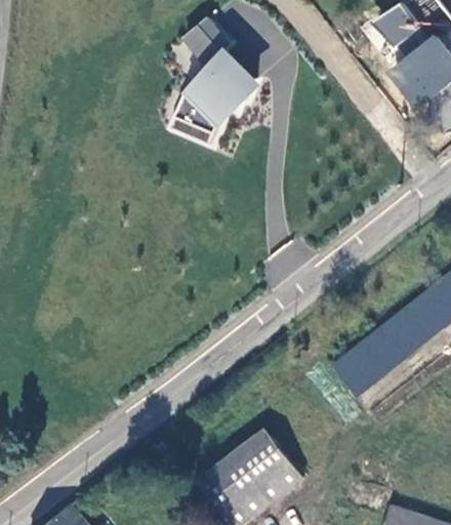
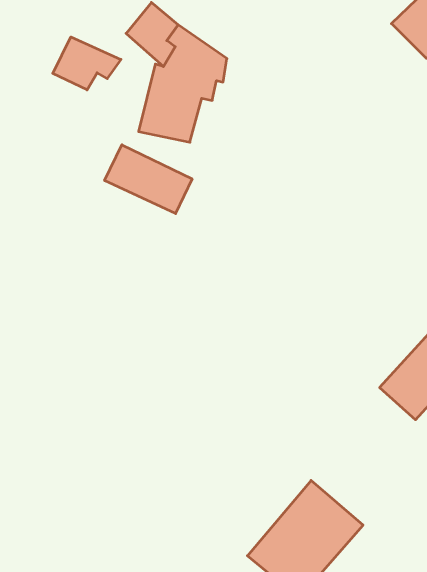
building: none -> [53,37,121,90]
building: none -> [105,145,192,214]

